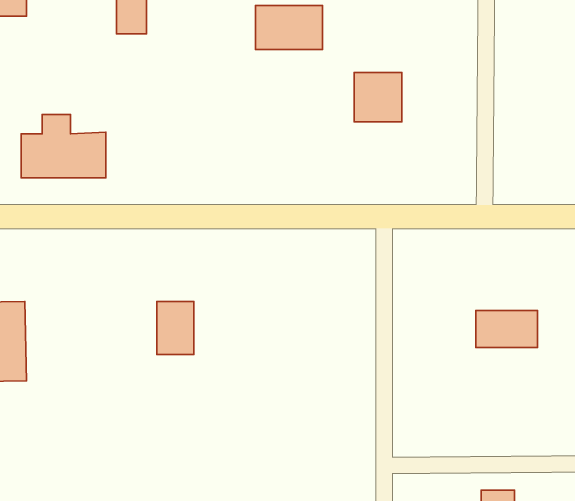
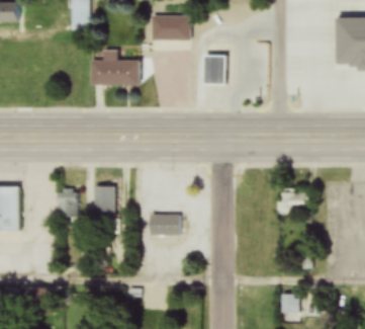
building: [21,114,106,178] -> [91,49,140,85]
building: none -> [59,188,79,217]
building: none -> [148,214,181,234]

